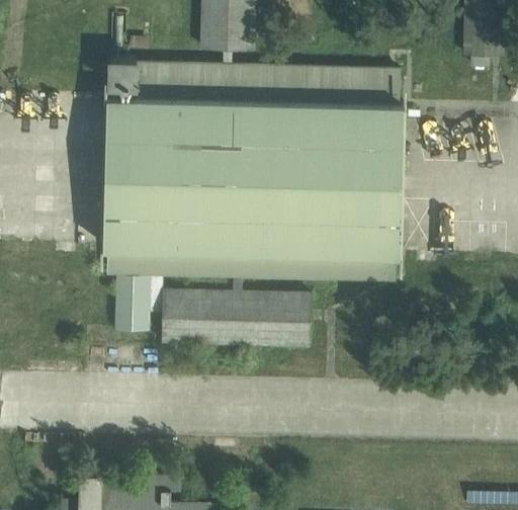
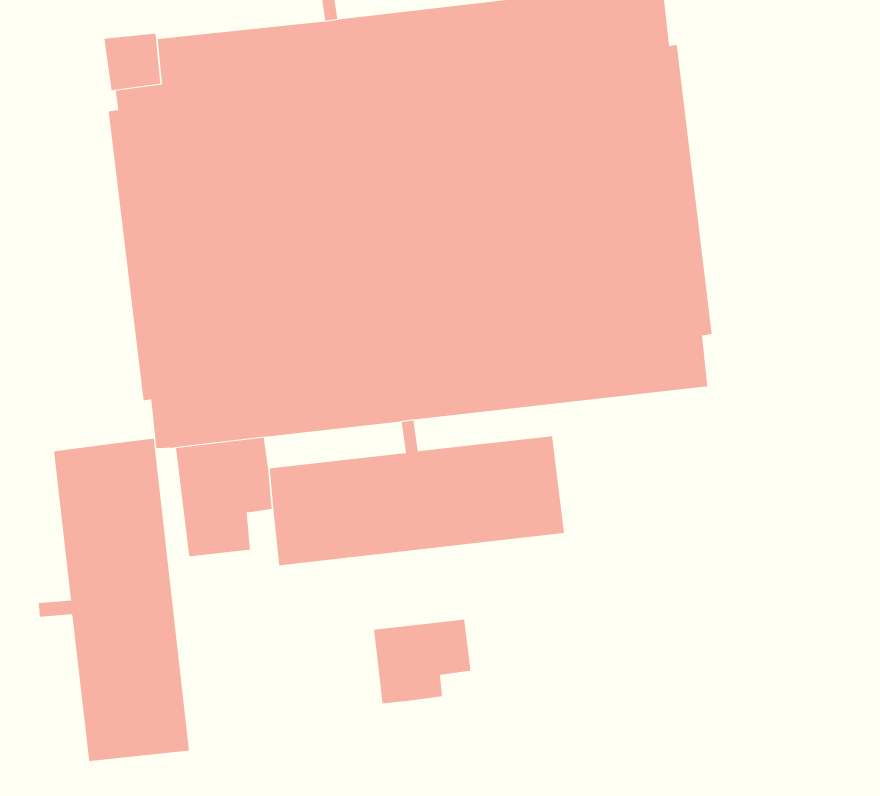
building: none -> [38,438,190,762]
building: none -> [374,619,471,704]

